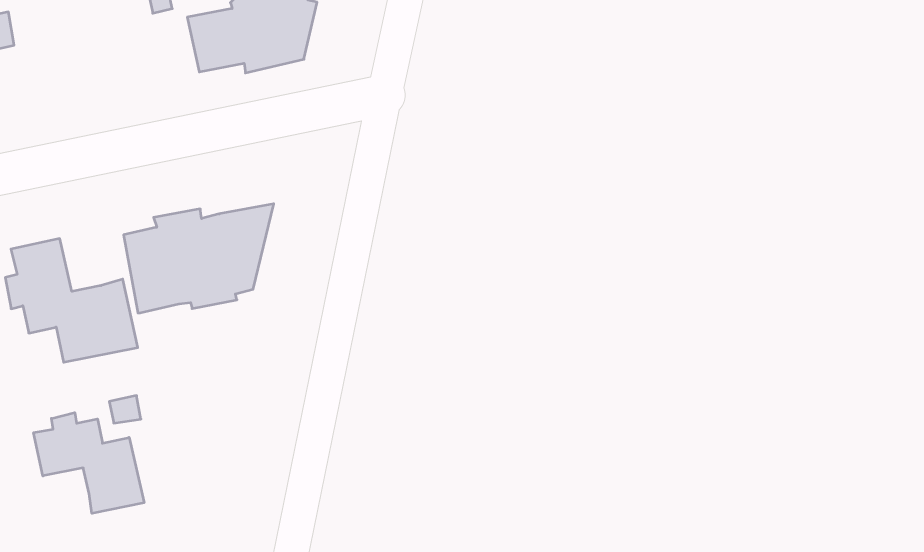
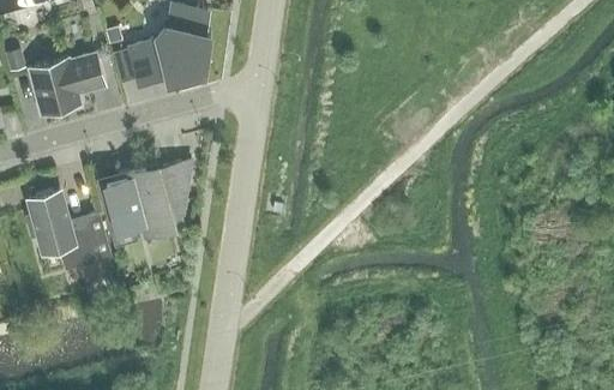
building: none -> [31,55,104,114]
building: [34,413,144,513] -> none

